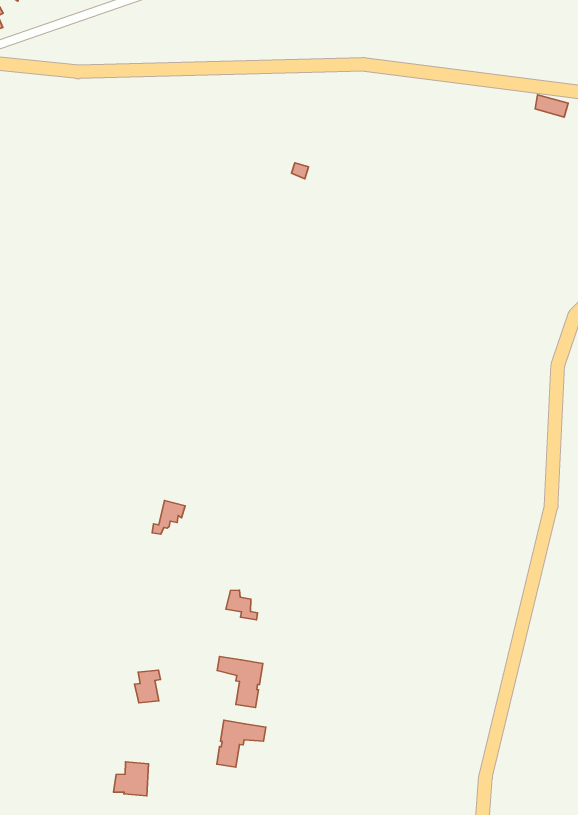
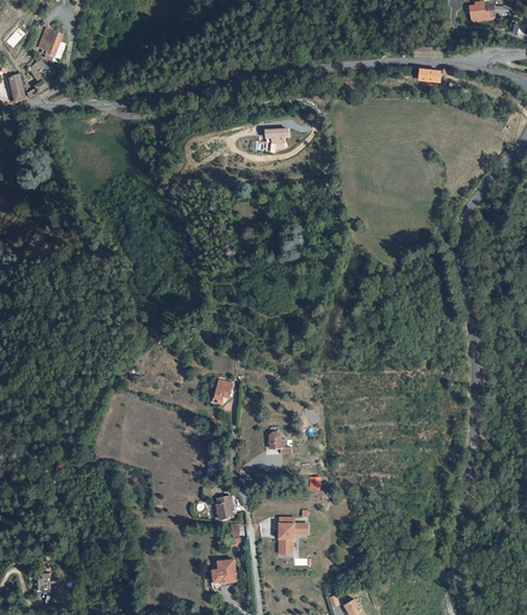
building: [217,656,263,708] -> none

